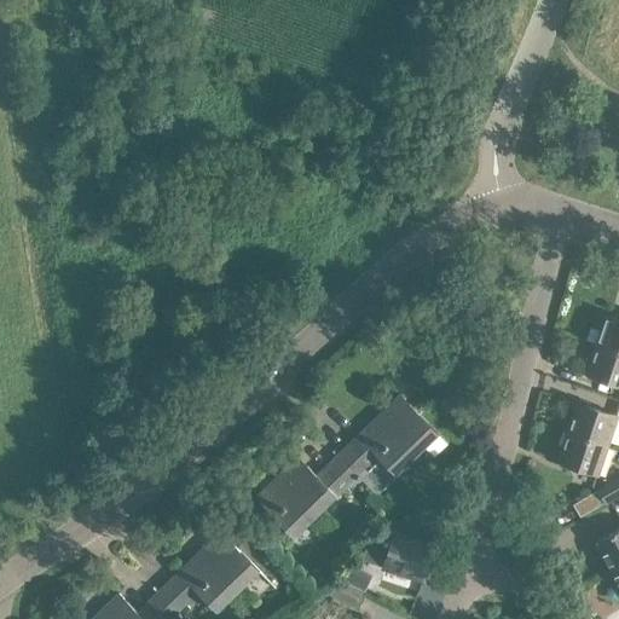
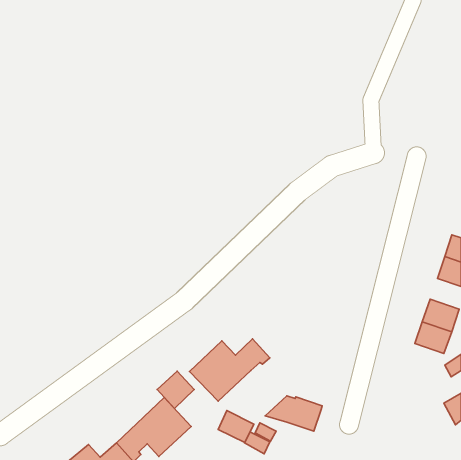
building: [339,397,438,497] -> none
building: none -> [157,371,194,409]
building: none -> [218,410,254,442]

